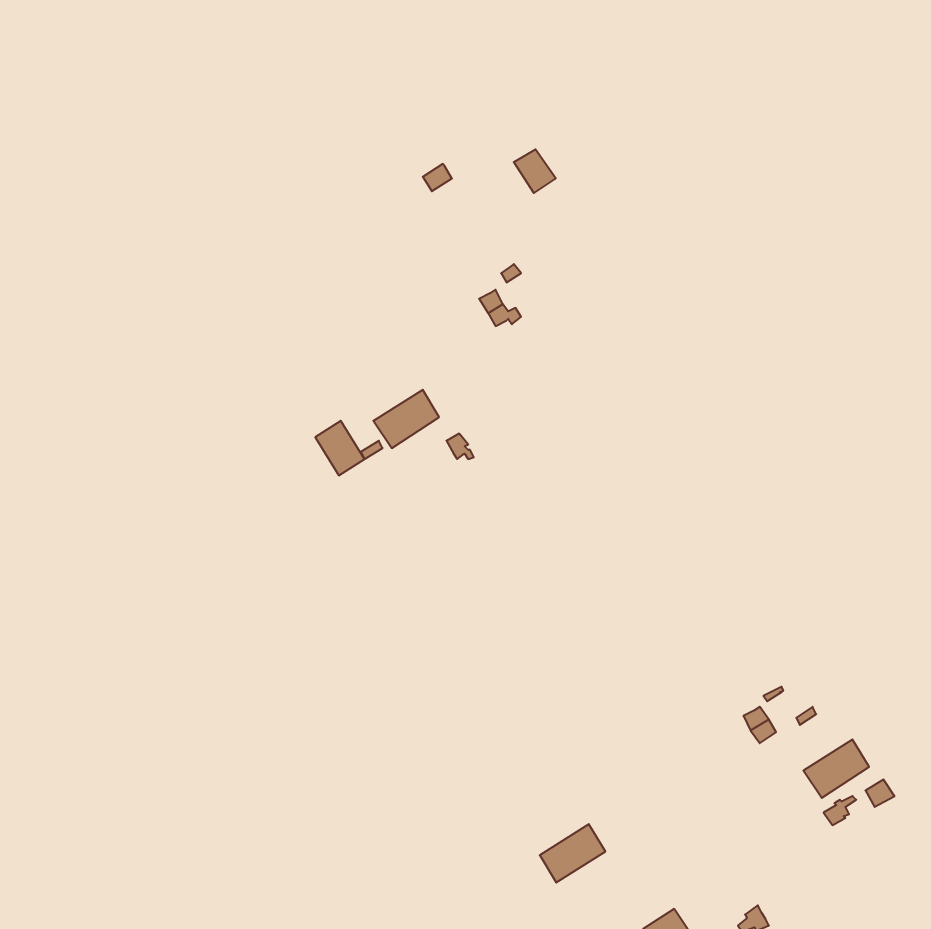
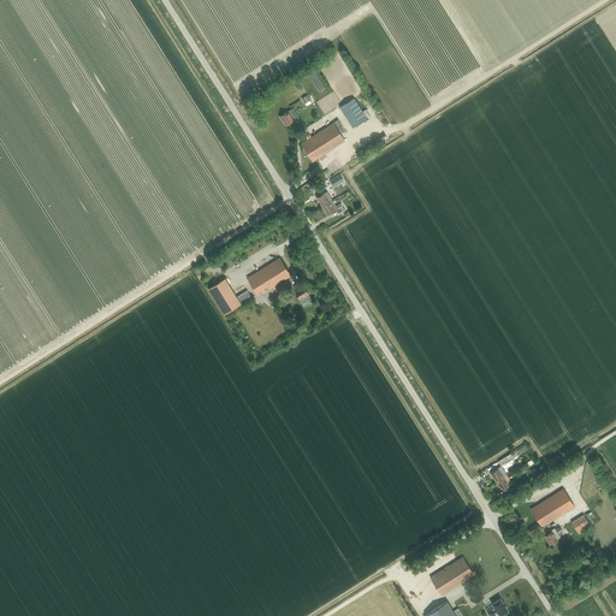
building: none -> [301,124,344,162]
building: [540,824,605,883] -> [431,558,474,597]

